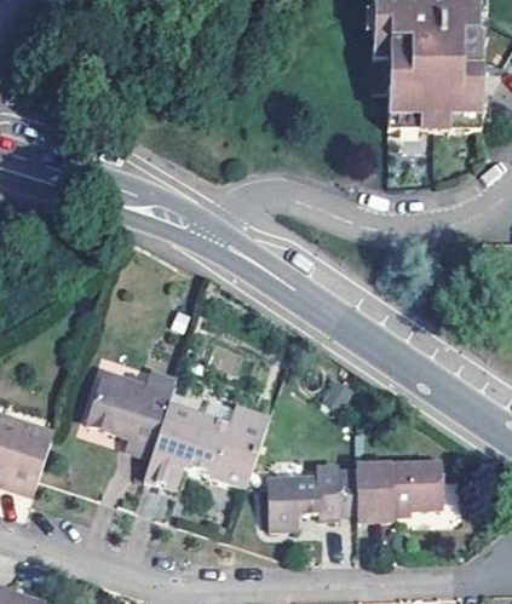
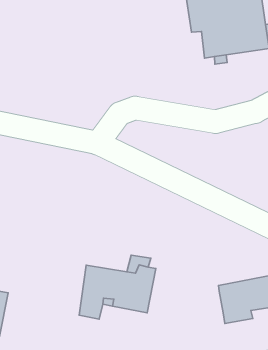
building: [87,367,174,451] -> none
building: [275,464,358,527] -> none

